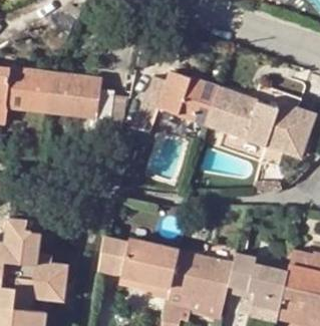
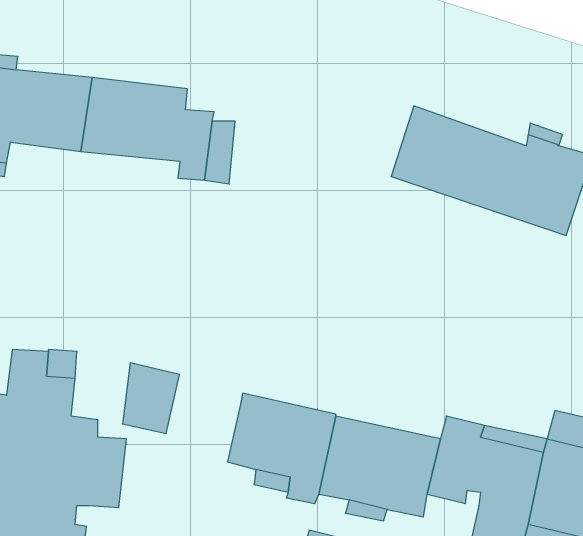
building: [136,72,220,131] -> none
building: [98,239,128,276] -> [122,363,180,433]

